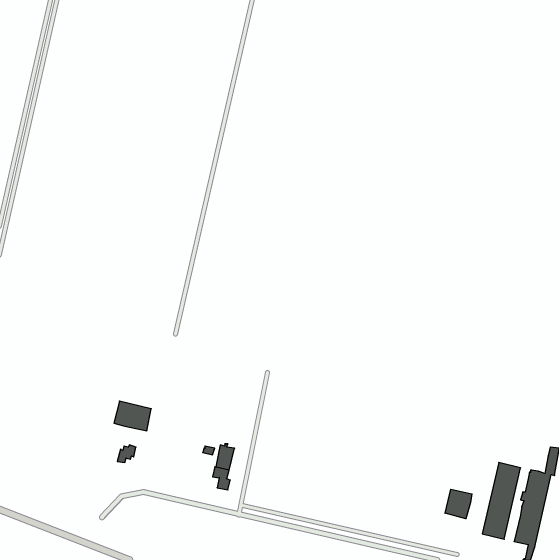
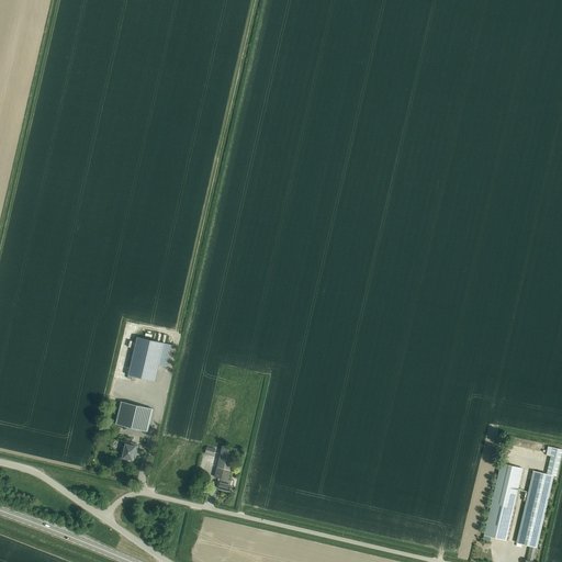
building: none -> [126,337,170,381]
building: [445,489,472,519] -> none

